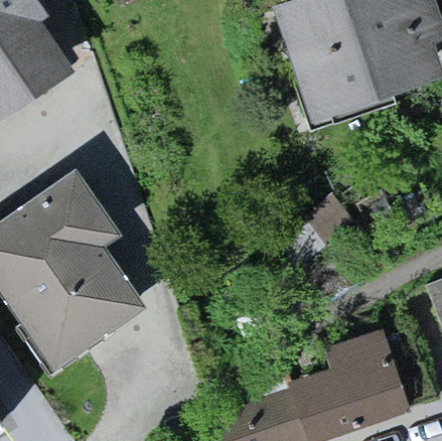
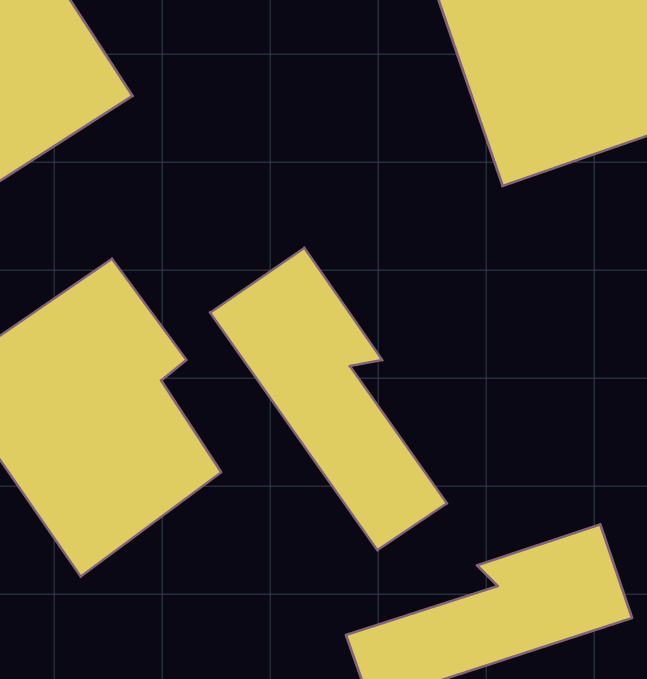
building: none -> [210,248,447,550]

